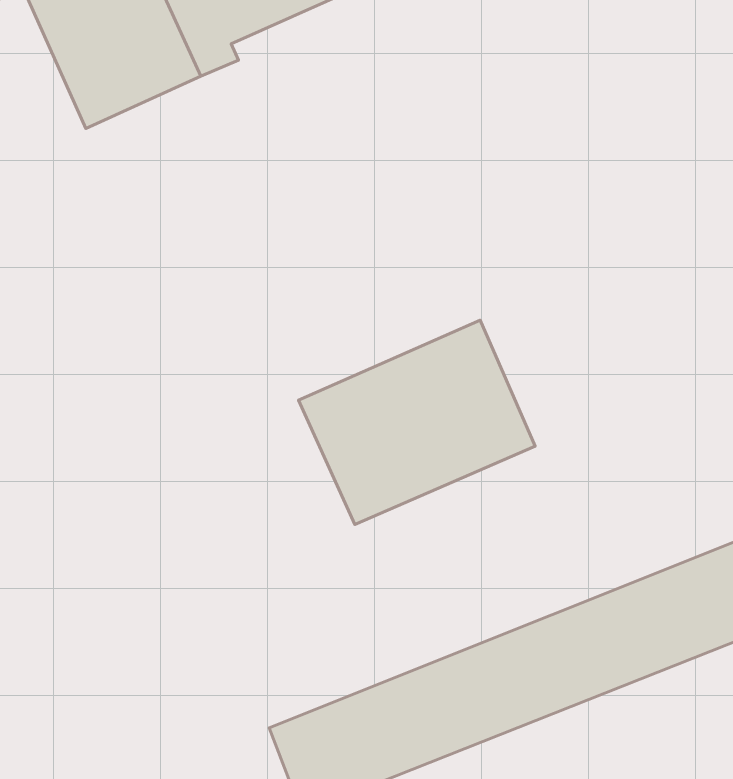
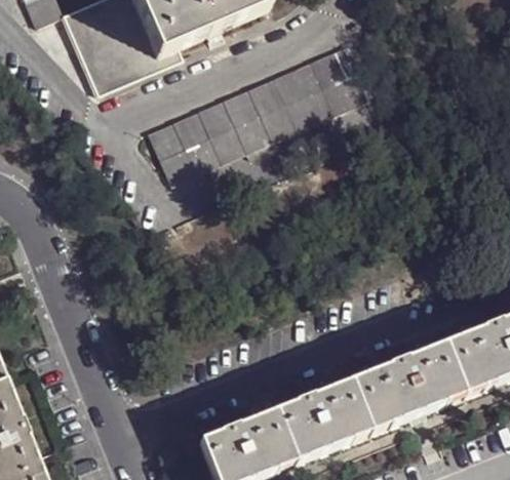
building: none -> [149,42,372,181]
building: [298,320,535,525] -> none

